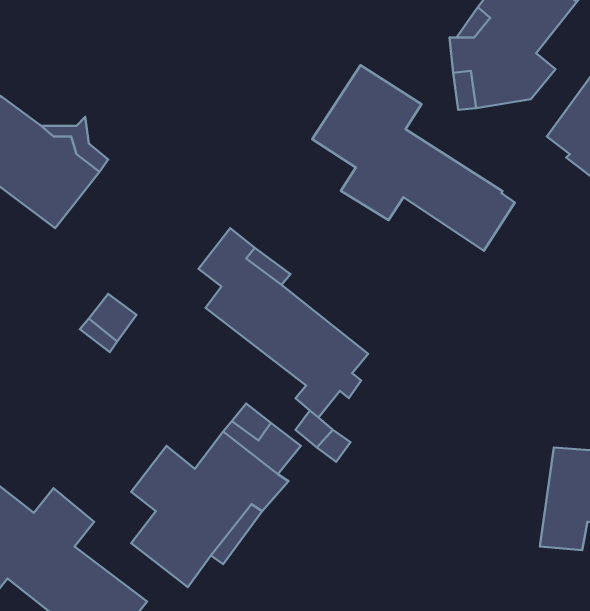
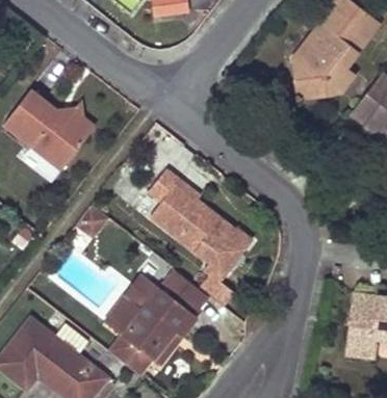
building: [312,65,515,251] -> none

